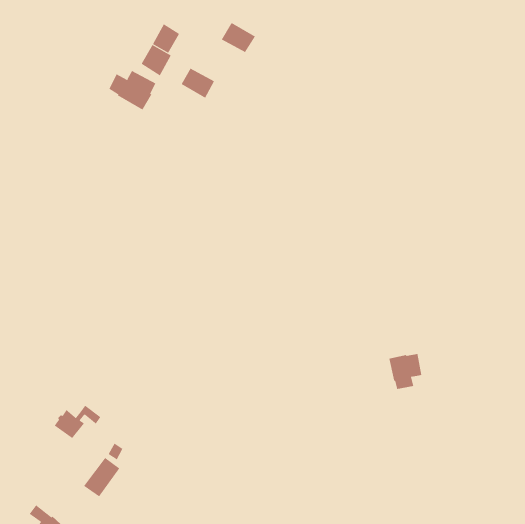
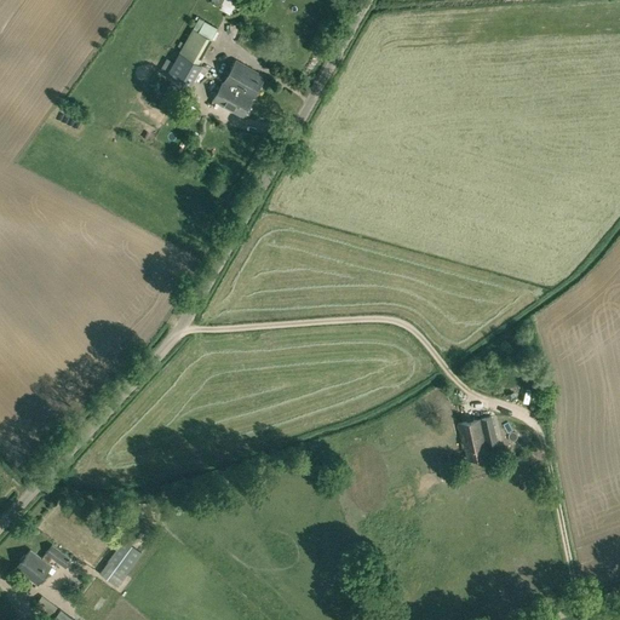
building: [221,22,256,53] -> [224,61,265,97]
building: [108,70,156,111] -> none
building: [54,405,101,439] -> [16,545,71,585]

